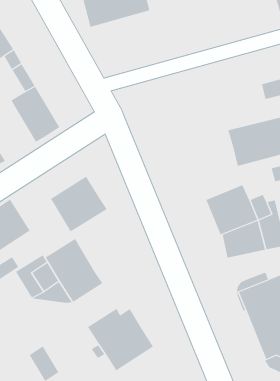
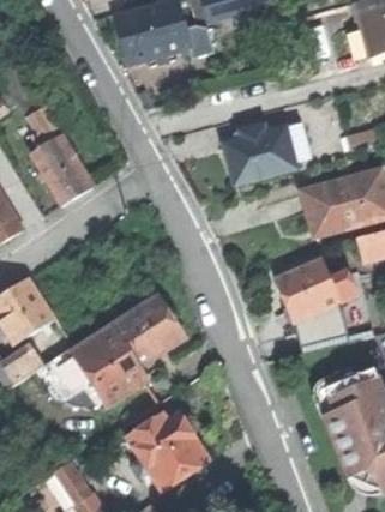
building: none -> [222,120,306,183]
building: [50,176,108,232] -> [112,296,184,367]

